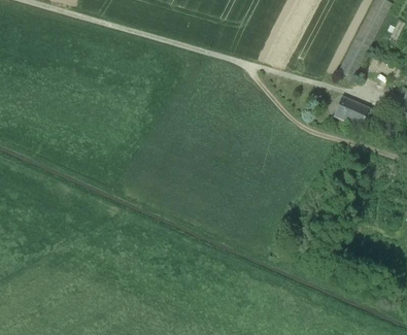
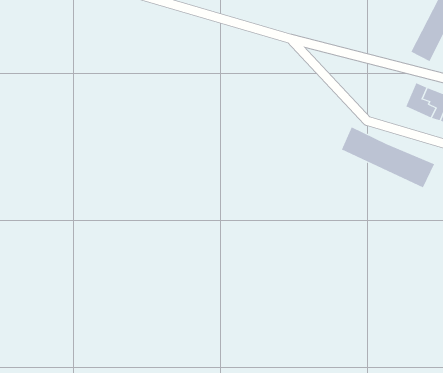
building: none -> [341,126,435,188]

